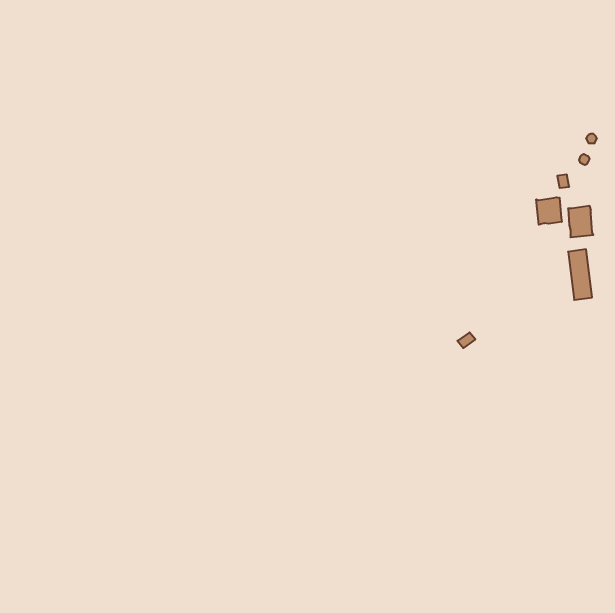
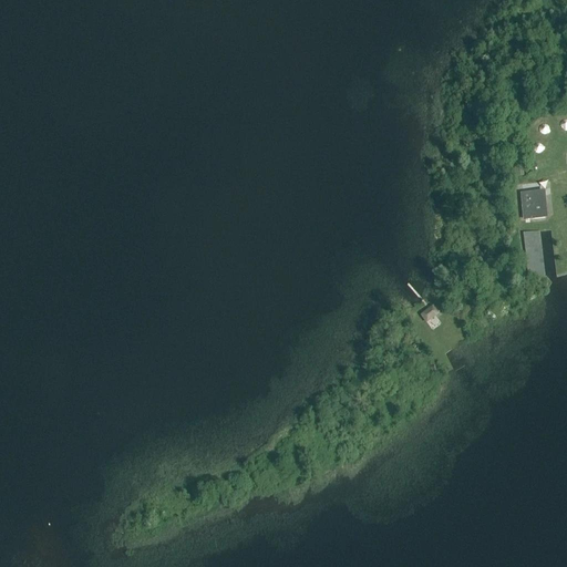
building: [536,197,562,225] -> none

